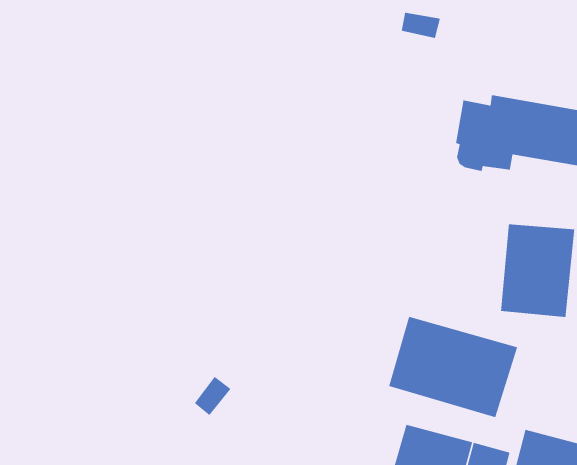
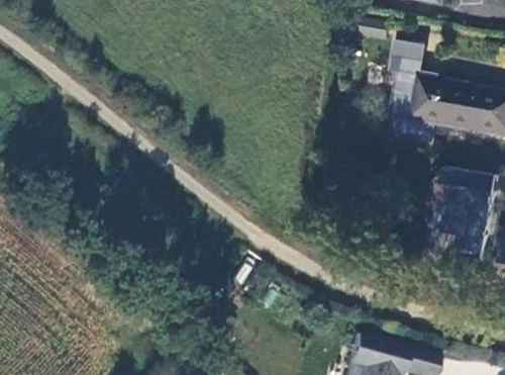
building: none -> [398,41,433,85]
building: [388,316,518,418] -> none

